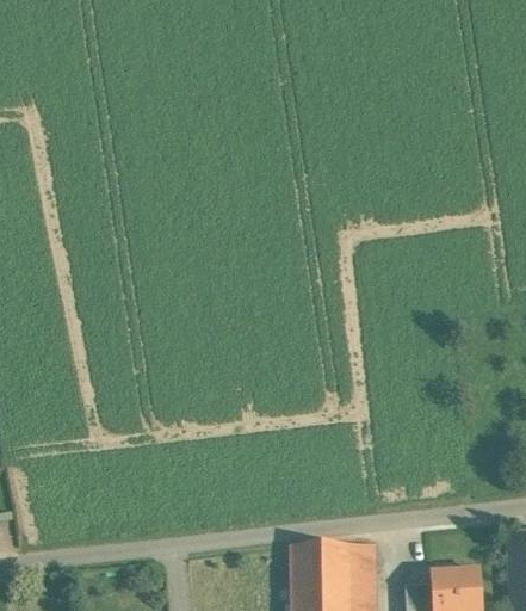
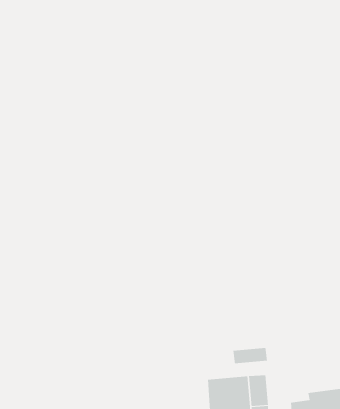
building: none -> [233,347,268,364]

